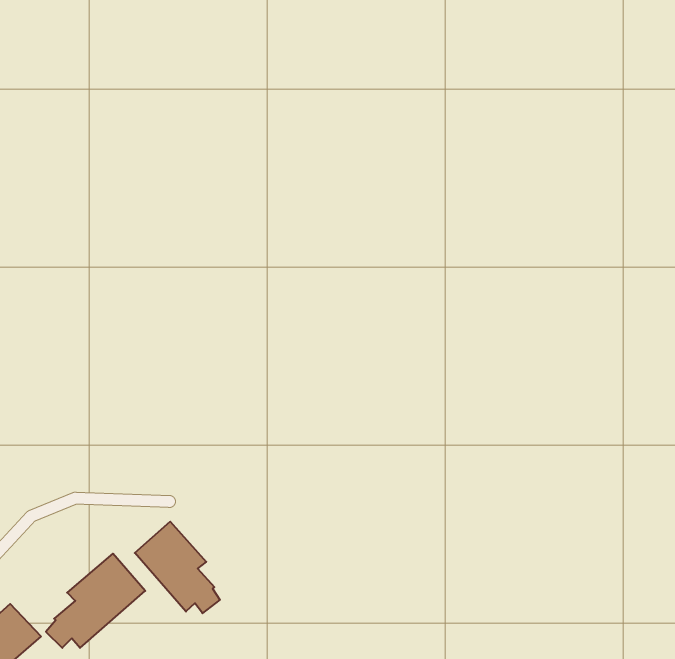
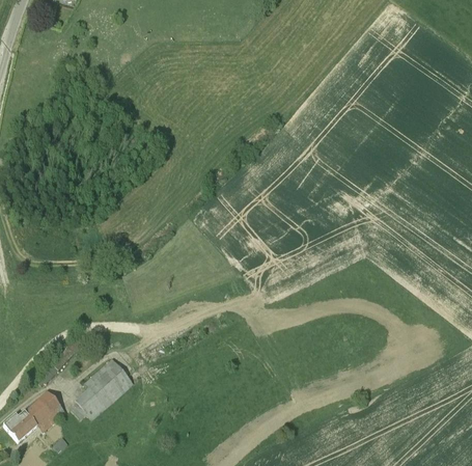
building: [135,522,220,613] -> none

